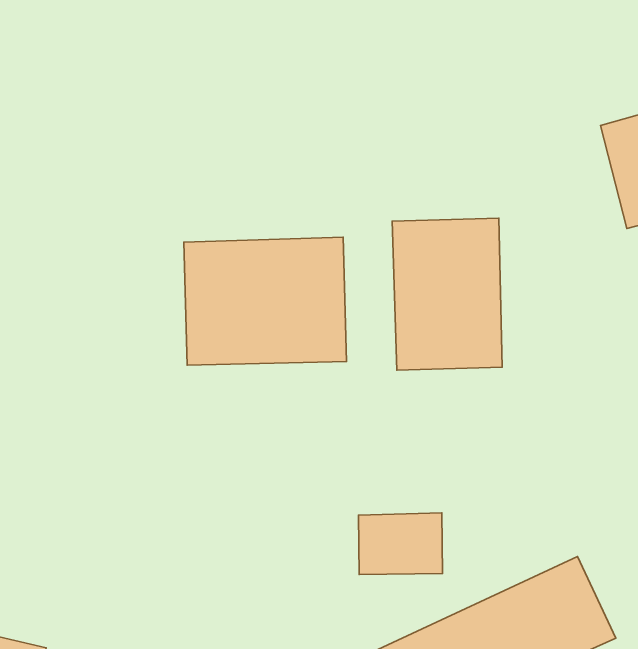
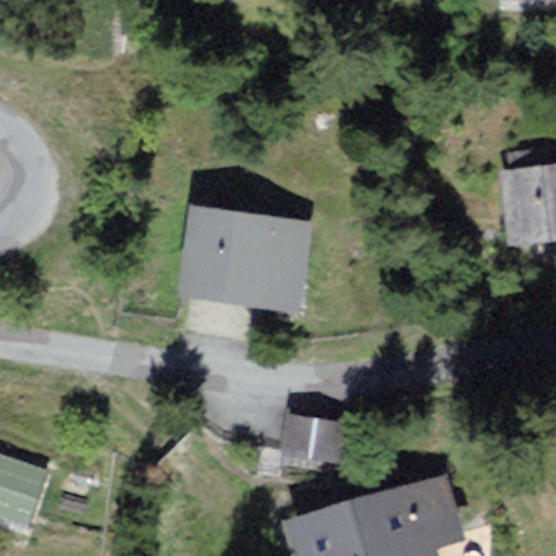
building: [392,218,502,370] -> none

